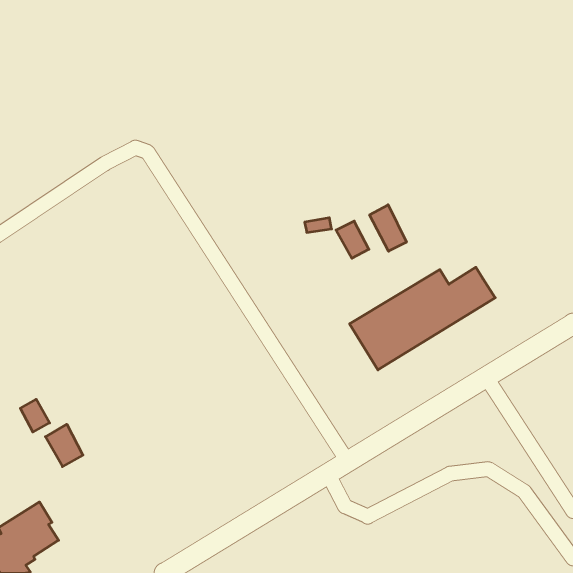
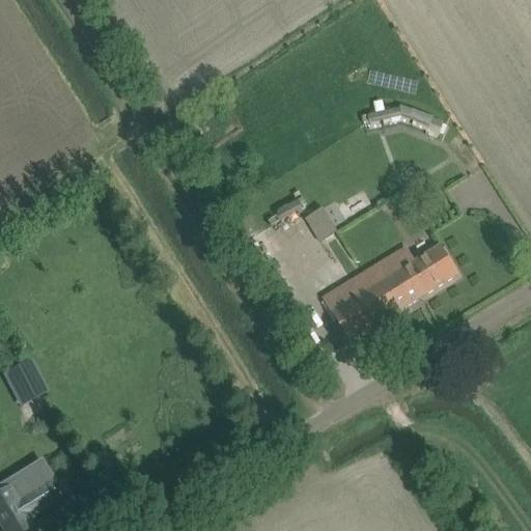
building: [370,205,406,251] -> none
building: [45,424,83,467] -> none

